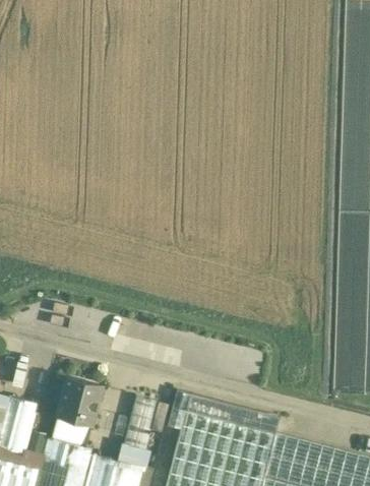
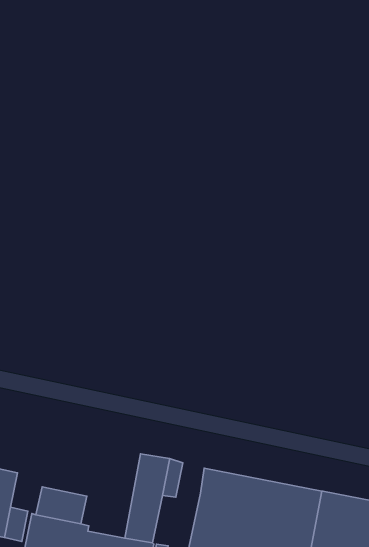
building: [57,377,102,426] -> none
building: [167,390,280,433] -> none

